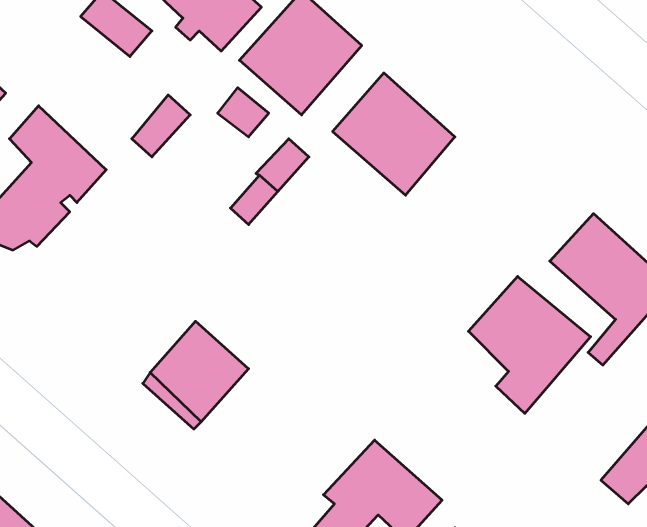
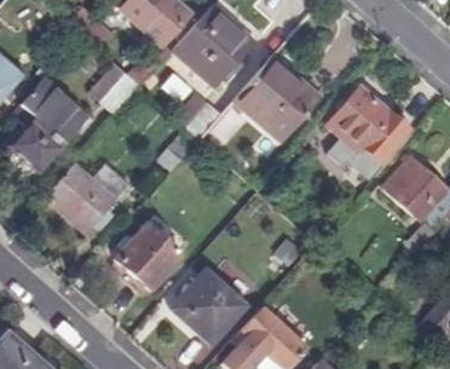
building: none -> [46,163,117,233]
building: [468,276,591,413] -> [330,88,411,179]
building: none -> [169,269,246,342]

